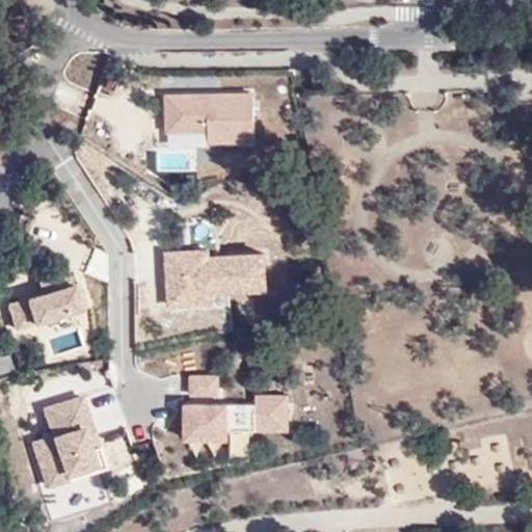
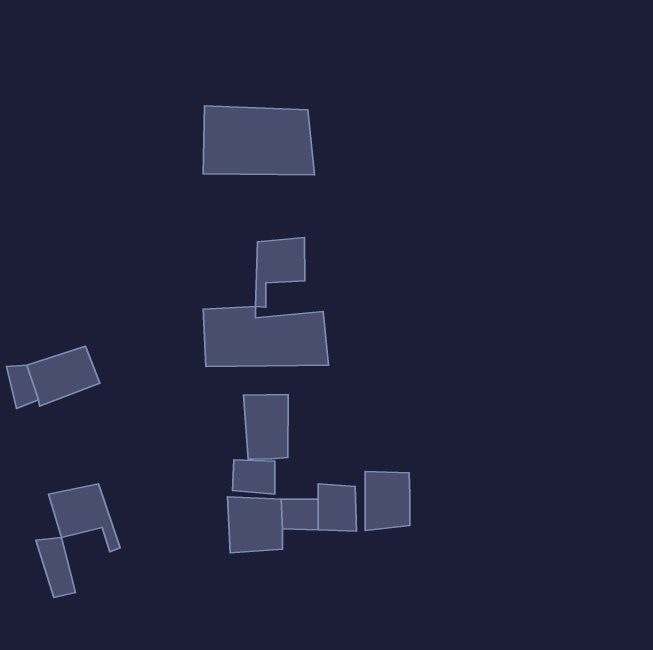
building: none -> [256,237,305,307]
building: none -> [244,395,288,459]
building: none -> [365,471,410,531]
building: [50,429,97,482] -> none

